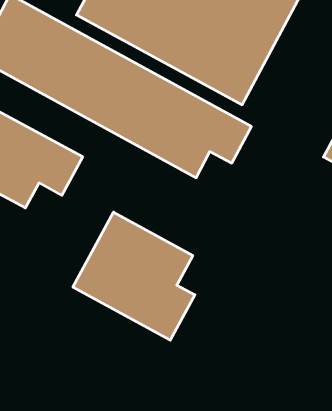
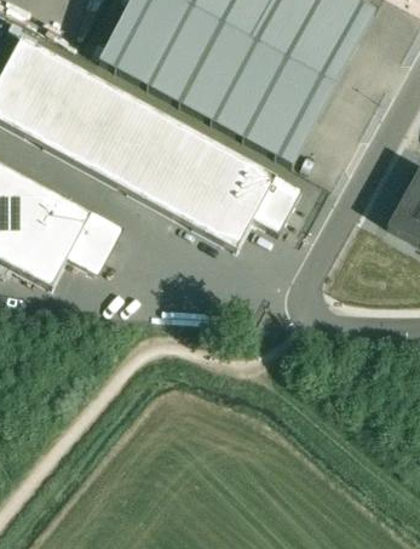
building: [73,212,195,340] -> none

